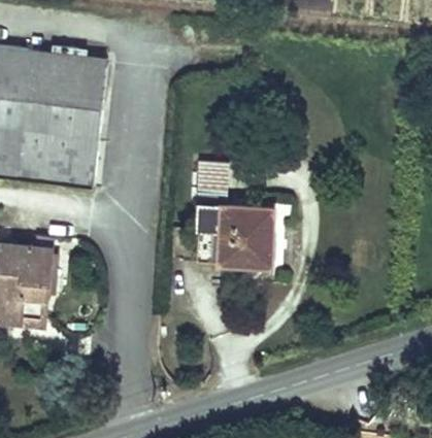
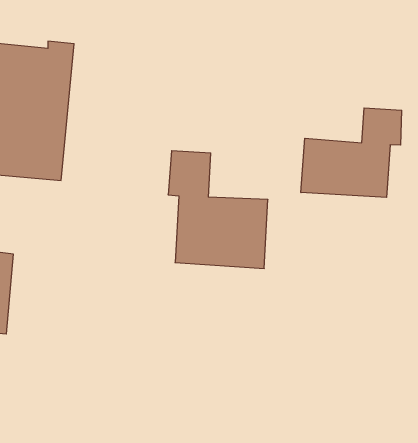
building: none -> [301,108,402,197]

